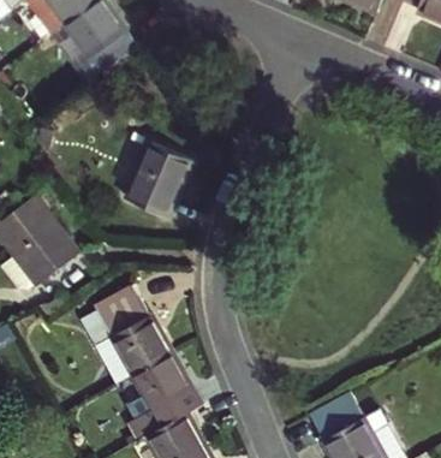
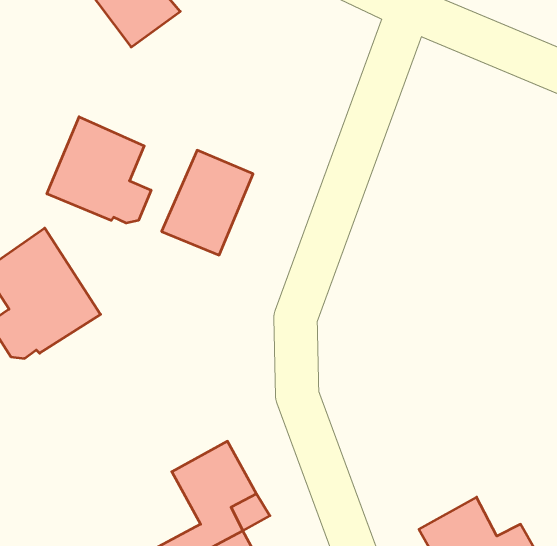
building: none -> [47,117,151,223]
building: [90,279,168,375] -> none

